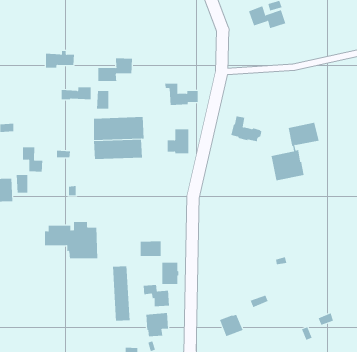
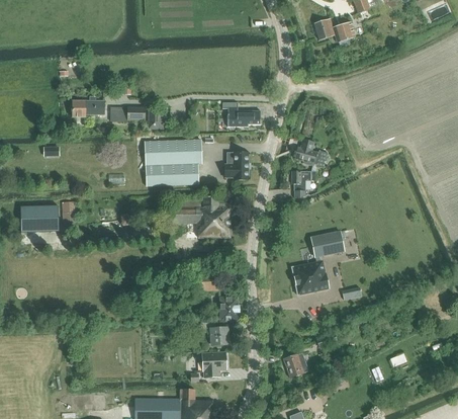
building: [45,50,75,68] -> [72,97,104,116]
building: [98,58,132,82] -> none
building: [270,122,319,181] -> [291,231,345,295]
building: none -> [291,171,314,197]
building: [22,147,43,172] -> none
building: [44,222,98,259] -> [172,196,231,237]
building: [112,266,130,321] -> none

